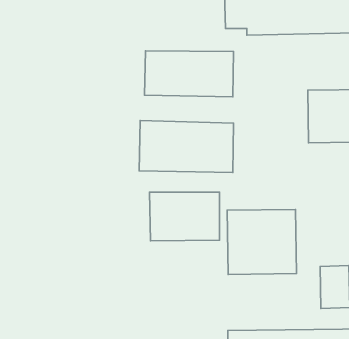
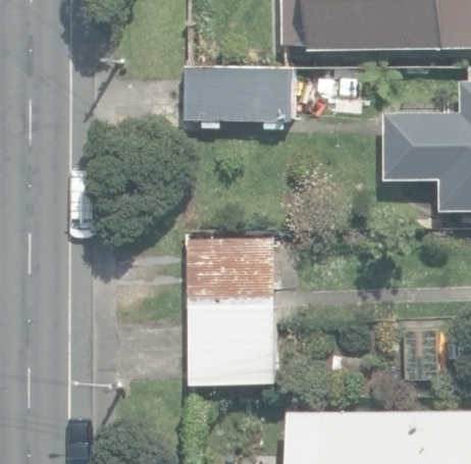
building: [139,121,234,173] -> none
building: [227,209,296,274] -> [190,306,275,386]

